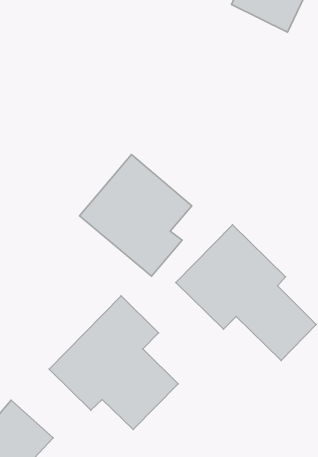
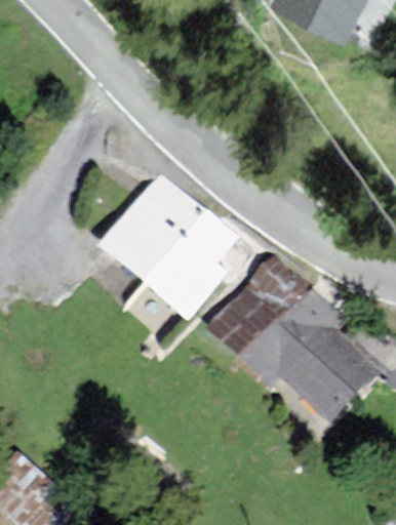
building: [49,296,178,429] -> none

